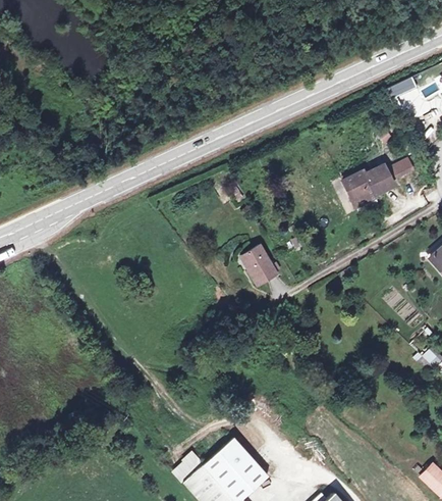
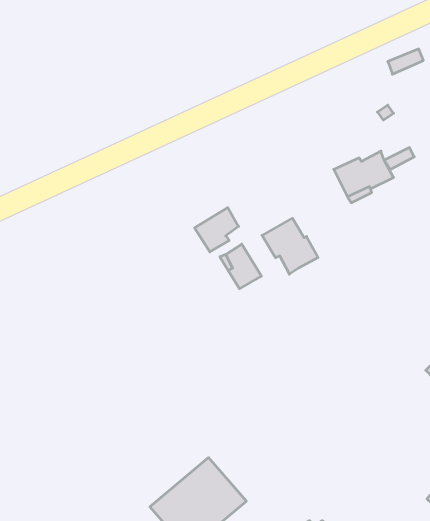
building: none -> [195,208,239,252]
building: none -> [262,218,318,274]

